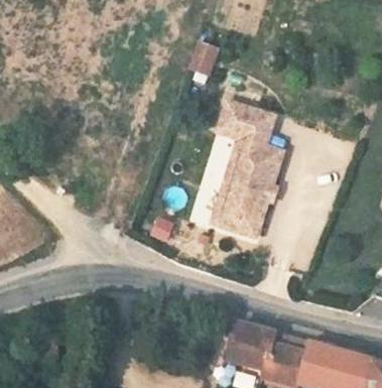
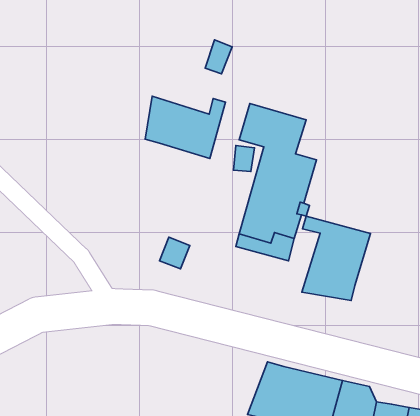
building: none -> [145,96,225,159]
building: none -> [302,216,371,300]

